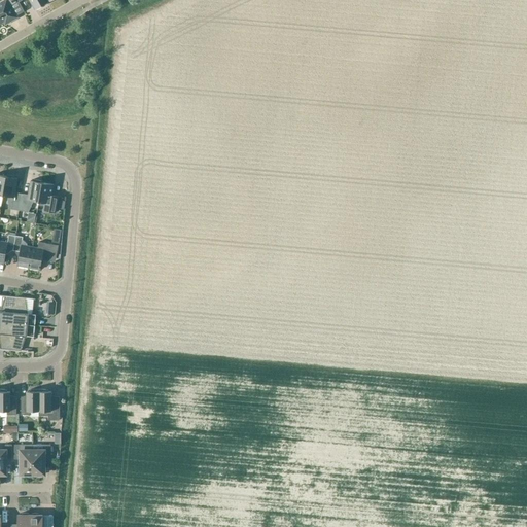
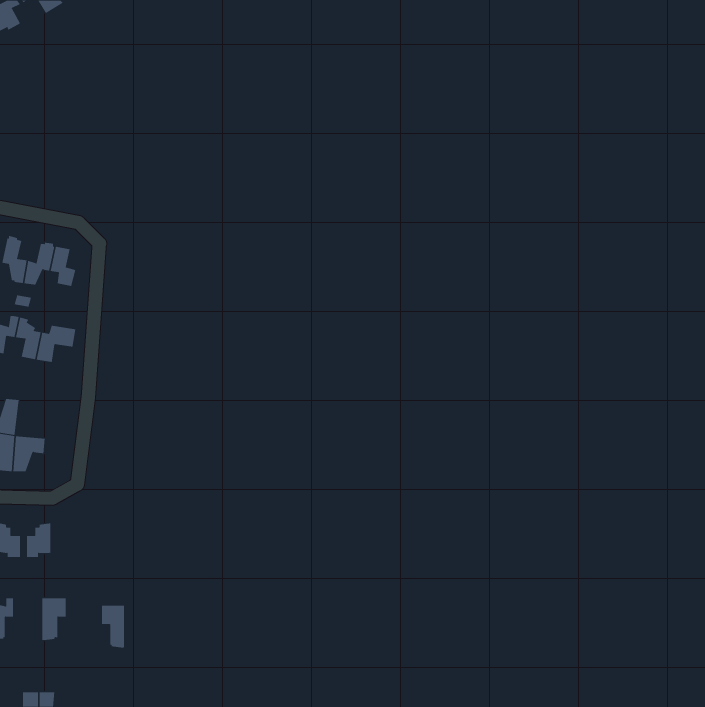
building: [11,297,35,326] -> none
building: [37,389,58,420] -> none
building: [13,445,31,477] -> [101,605,125,648]

